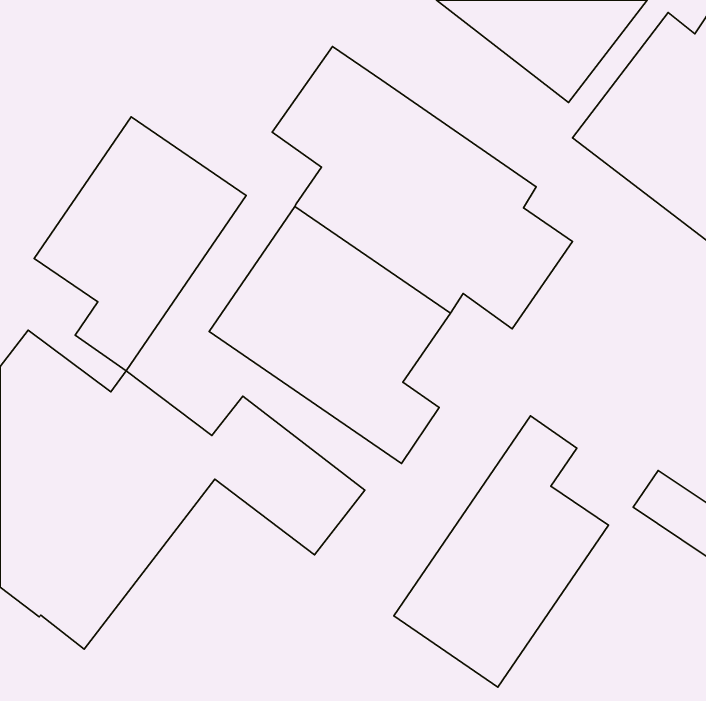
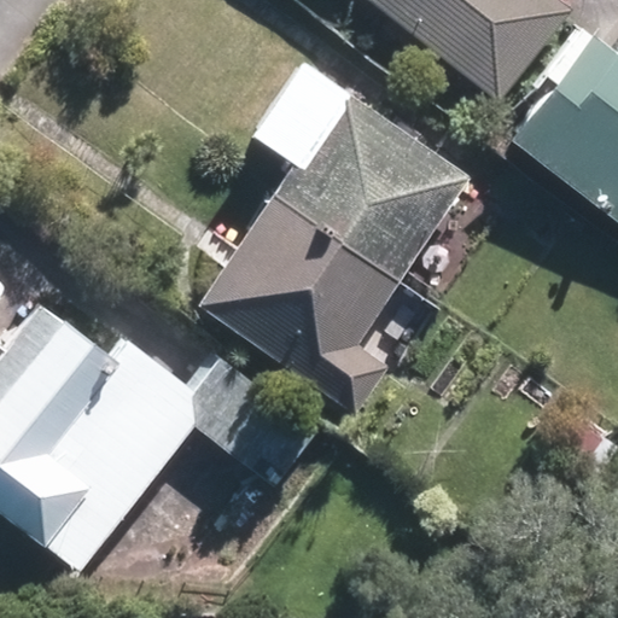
building: [34,117,246,371] -> none
building: [394,416,609,687] -> none

